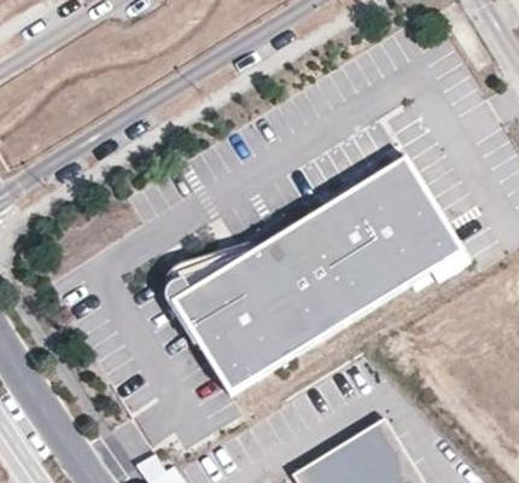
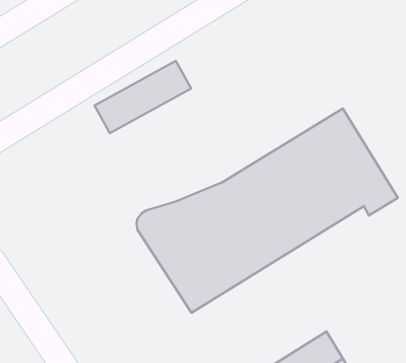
building: none -> [95,61,191,133]

